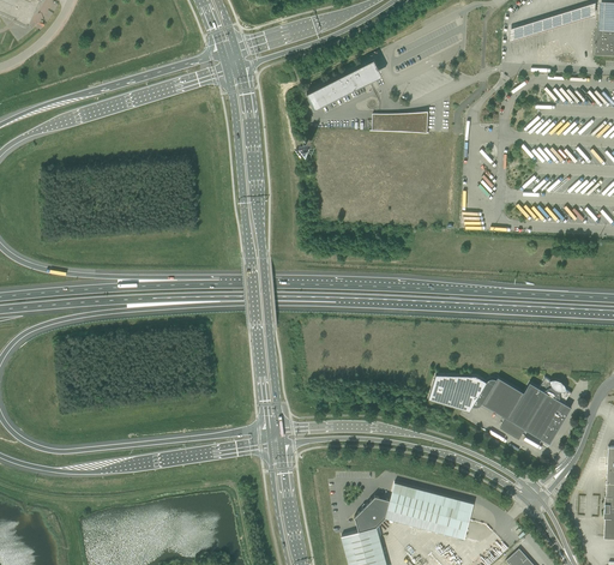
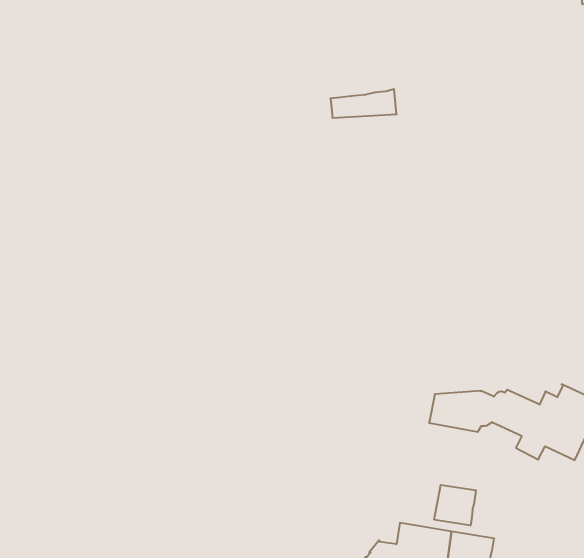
building: [307,60,383,110] -> none
building: none -> [434,485,476,526]

